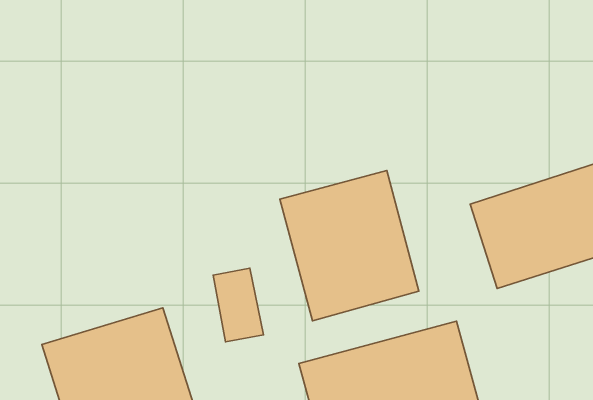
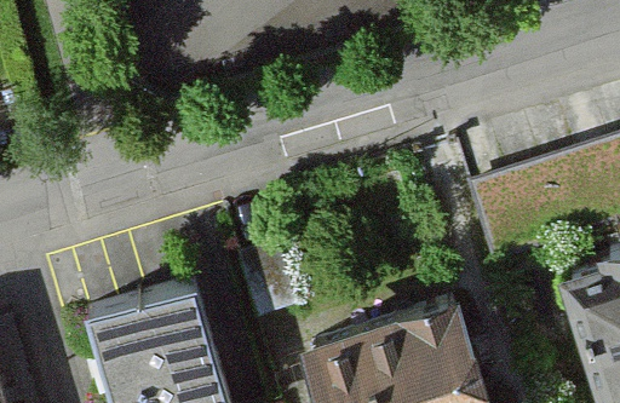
building: [280,170,419,321] -> none

